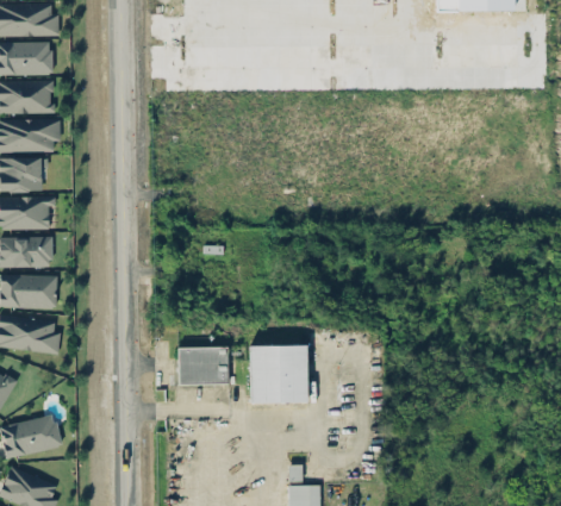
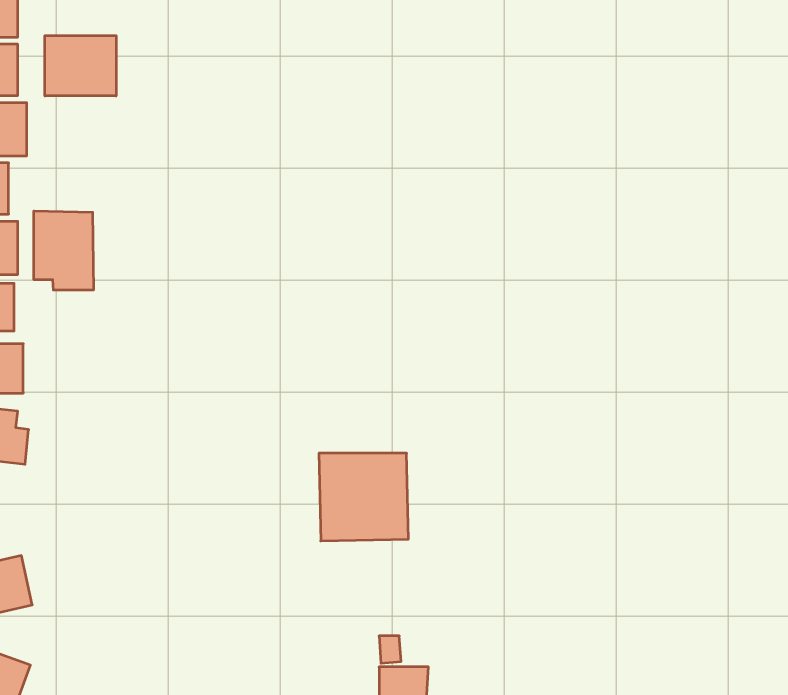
building: none -> [45,36,116,96]
building: none -> [34,211,93,290]
building: [179,348,230,386] -> none

